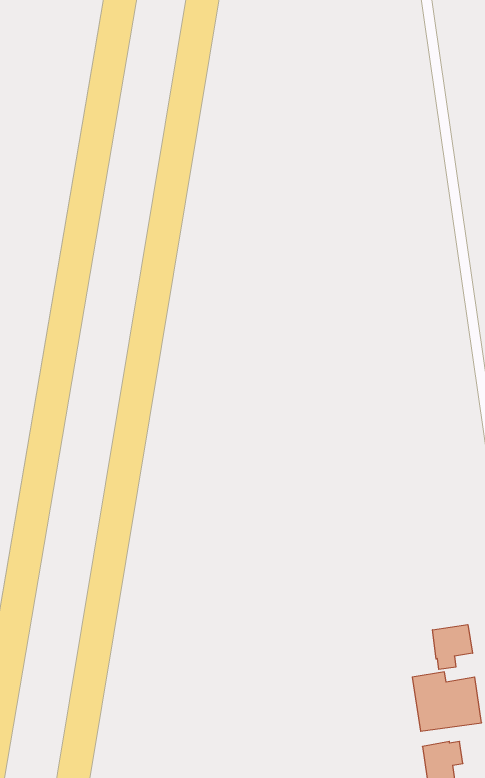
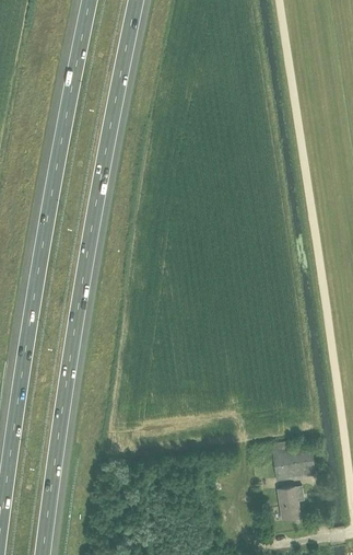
building: [433,625,473,669] -> none

